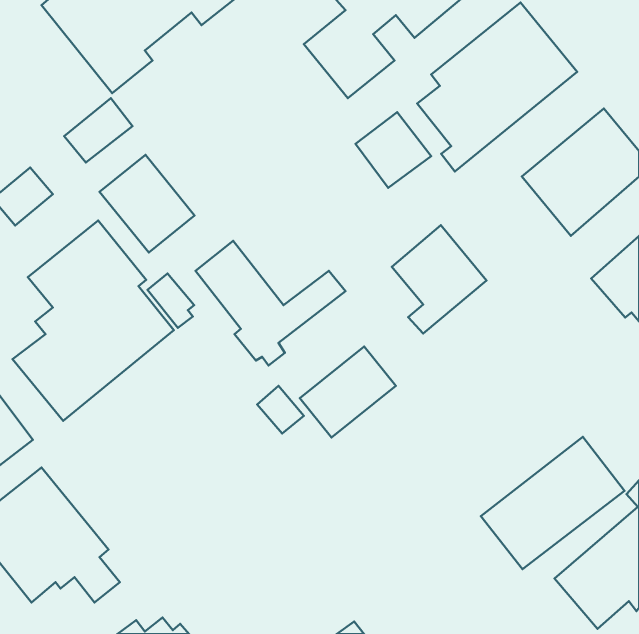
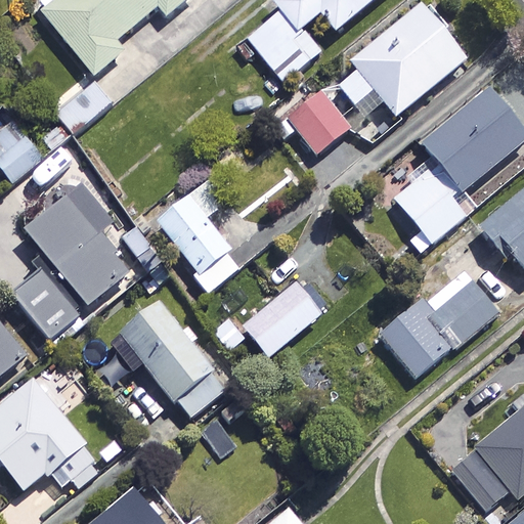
building: [100,155,195,253] -> none
building: [392,225,486,333] -> [394,163,471,251]
building: none -> [111,301,230,423]
building: [481,437,624,569] -> [381,268,497,376]

